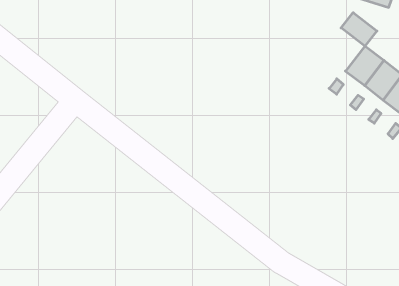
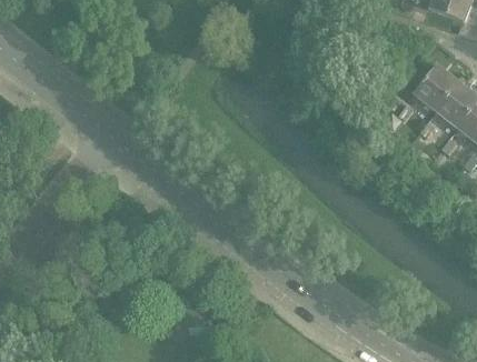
building: [341,13,377,46] -> none

